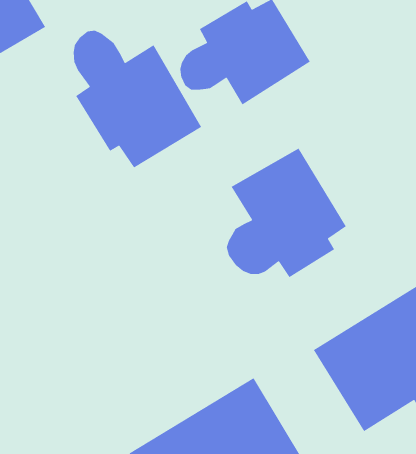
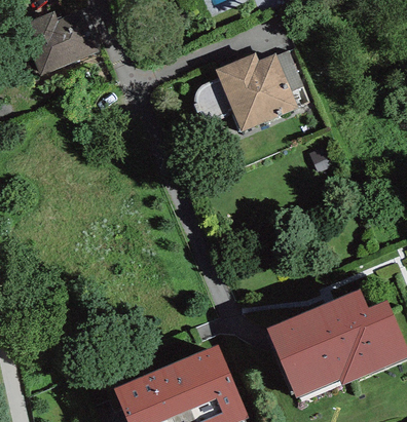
building: [73,30,202,169] -> none
building: [226,147,347,278] -> none

